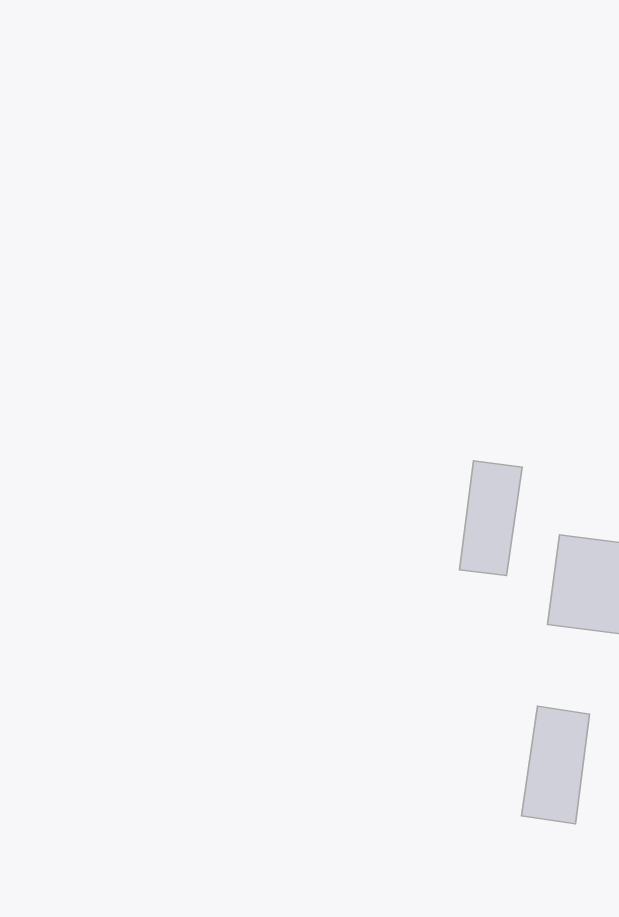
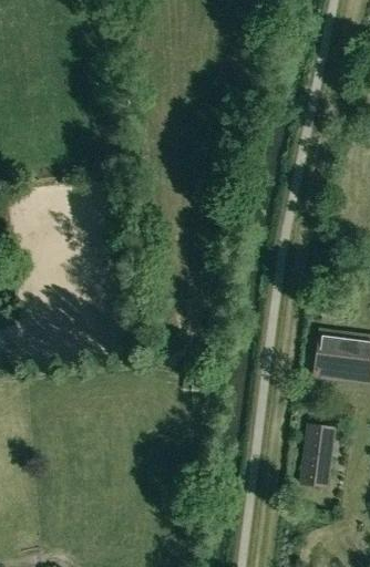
building: [460,461,522,575] -> none

